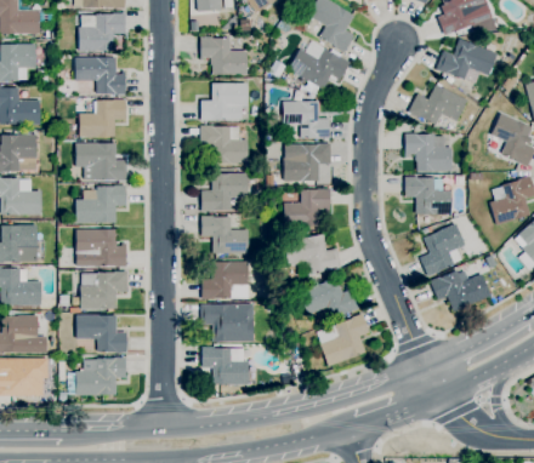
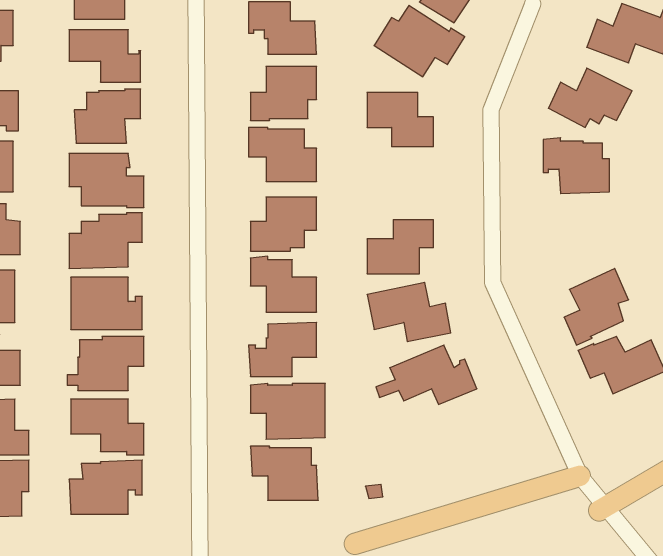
building: [284,143,331,182] -> none
building: [405,177,450,215] -> none
building: [317,314,369,367] -> none

